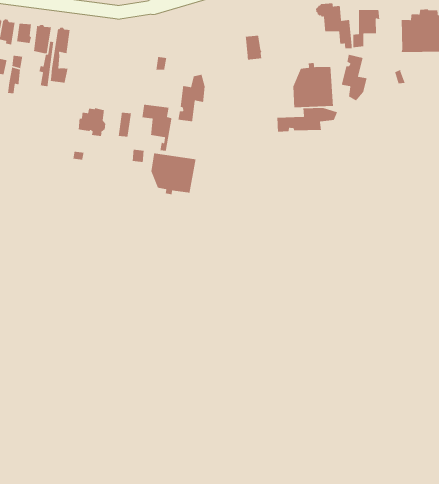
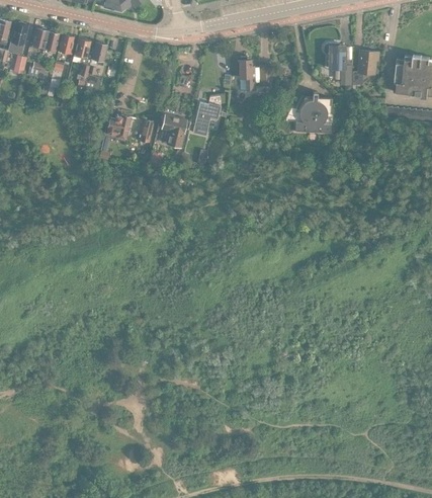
building: none -> [238,57,254,90]
building: [341,54,367,102] -> none
building: [277,107,338,132] -> none
building: [151,153,196,195] -> none

